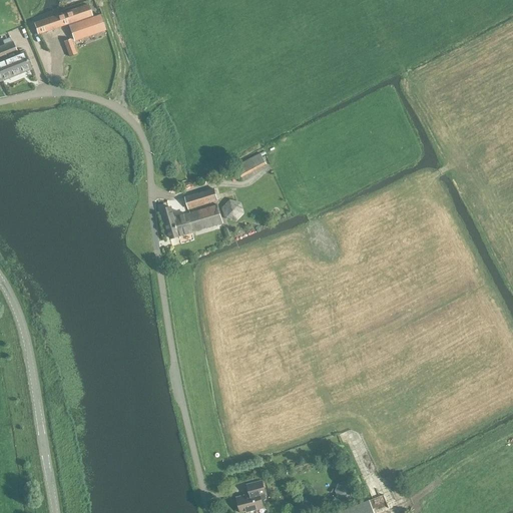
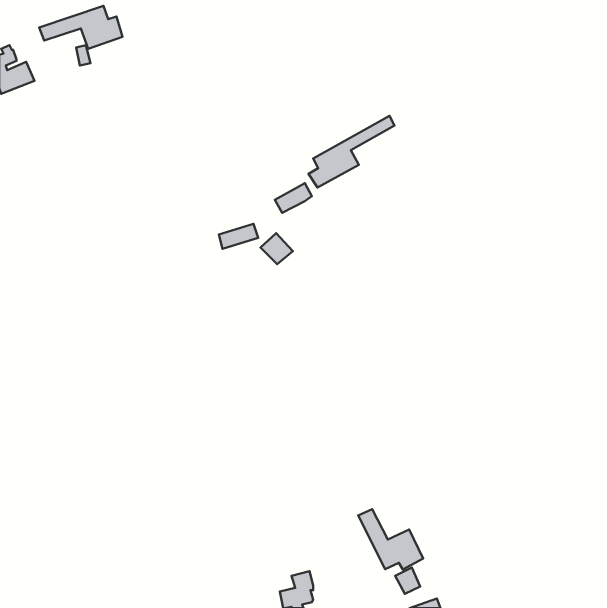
building: none -> [309,116,394,188]
building: [161,204,221,238] -> none
building: none -> [358,509,423,569]

